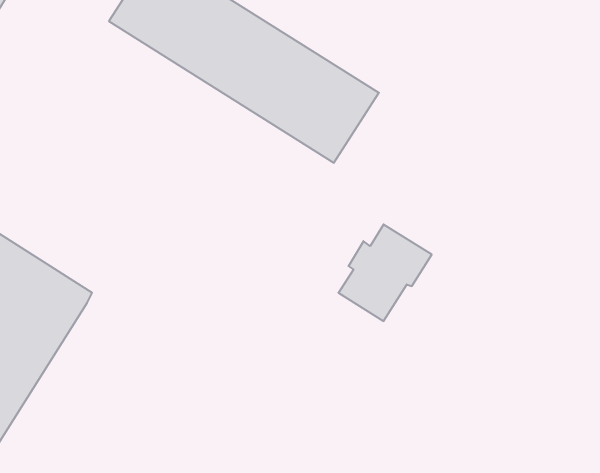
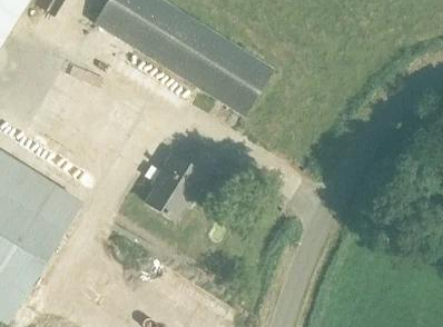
building: [338,224,432,321] -> [145,156,207,220]

